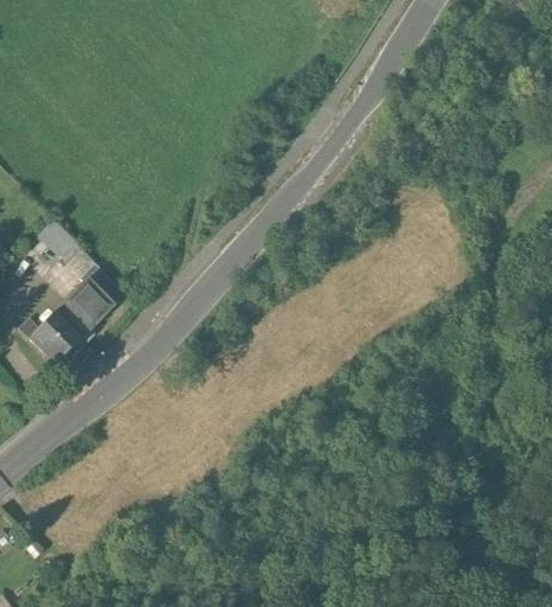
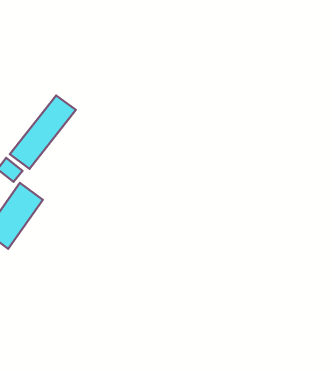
building: none -> [10,95,76,169]

